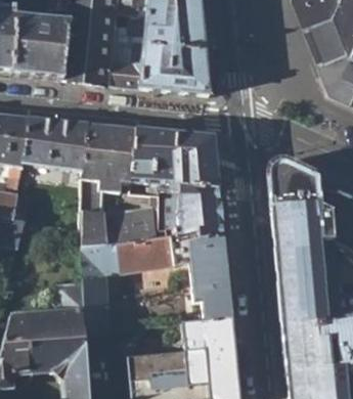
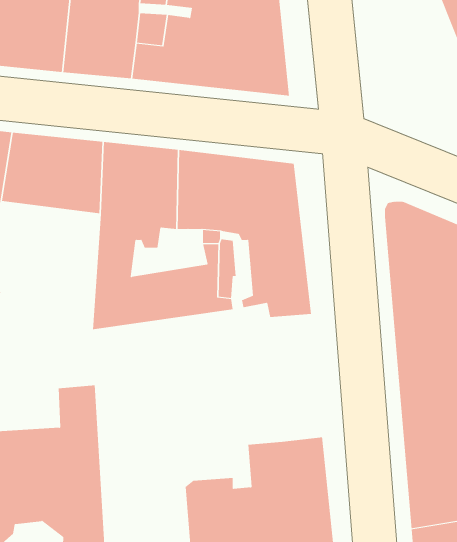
building: [80,229,230,332] -> none

